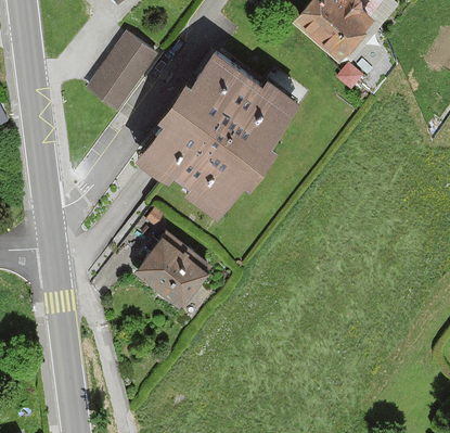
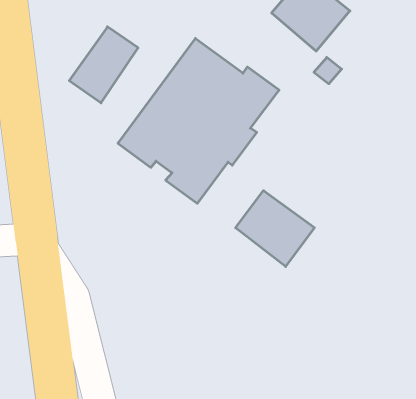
building: none -> [236,191,314,267]
building: [136,234,210,308] -> none

